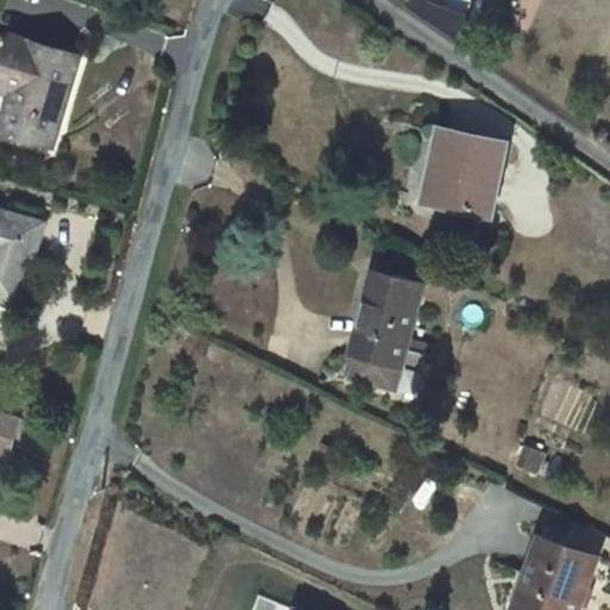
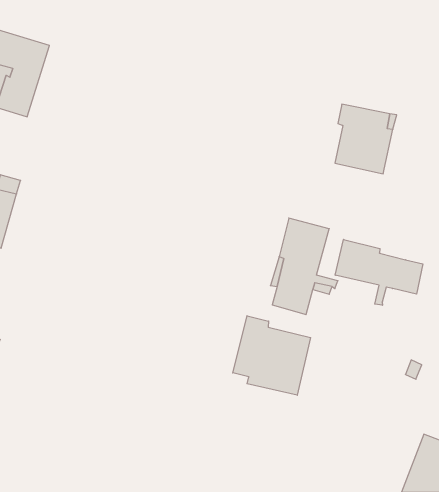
building: none -> [335,239,423,305]
building: none -> [233,316,311,395]

